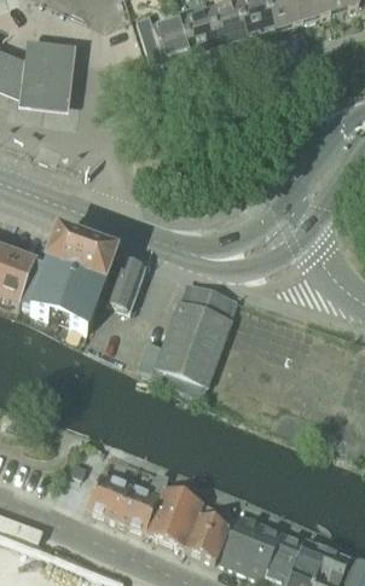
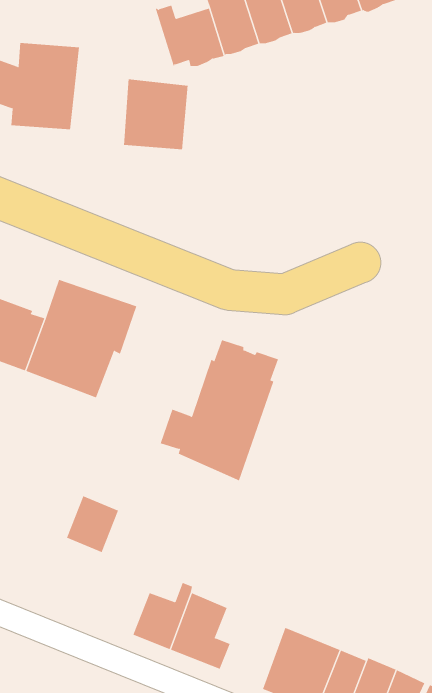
building: none -> [124,79,188,150]
building: [106,254,146,306] -> none
building: [88,471,131,517] -> [66,495,119,553]
building: [184,495,230,558] -> none

